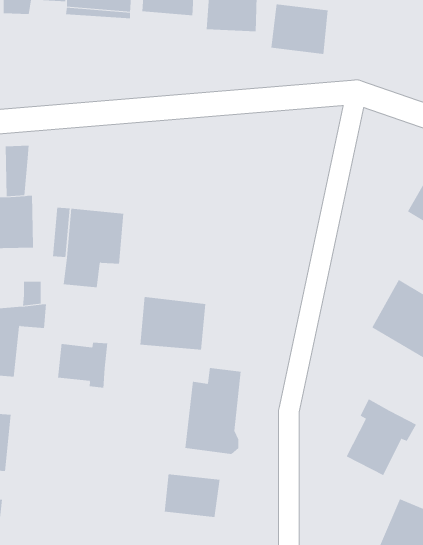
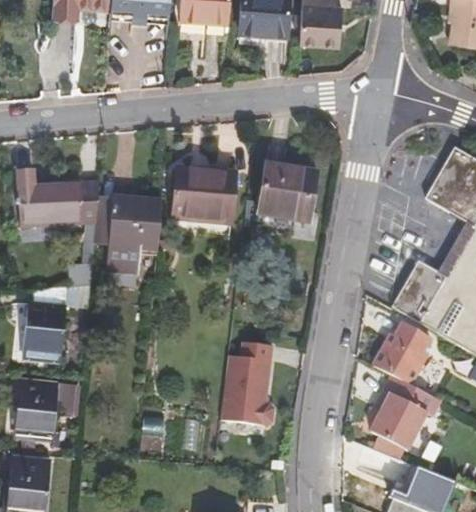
building: [5,145,29,197] -> [78,182,101,230]
building: none -> [260,162,315,220]
building: [139,296,206,350] -> [175,166,237,216]
building: [58,342,108,389] -> none
building: none -> [372,322,428,383]
building: [164,473,220,518] -> none

